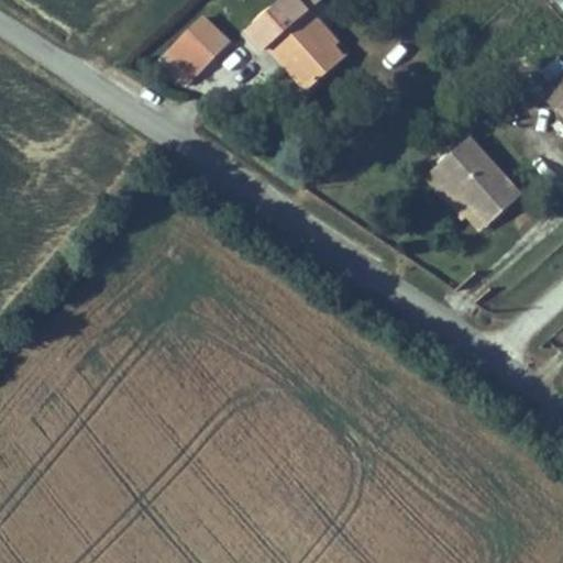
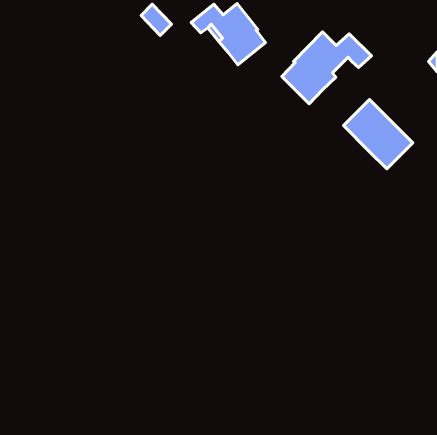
building: [159,30,203,74] -> none
building: none -> [282,32,371,104]

